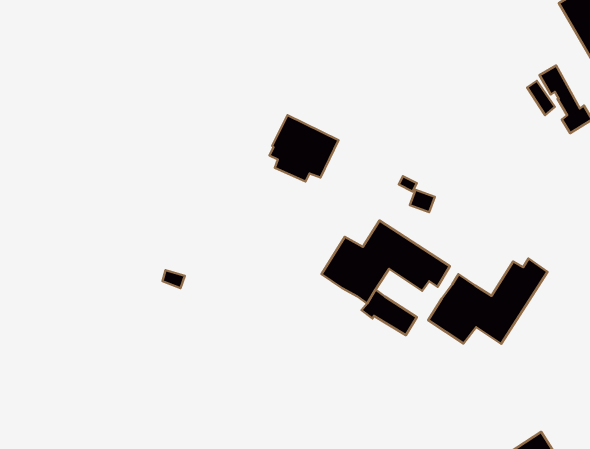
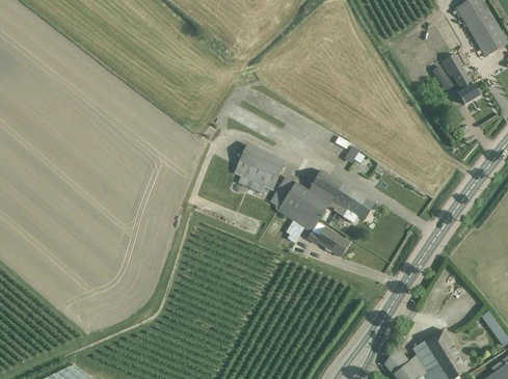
building: [269,115,339,182] -> [234,142,286,192]
building: [428,259,548,344] -> none

